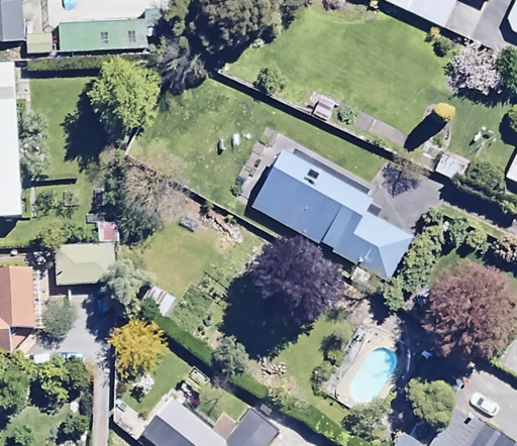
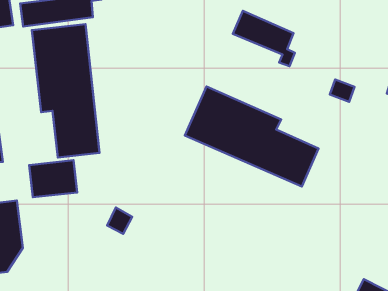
building: none -> [32,24,99,157]
building: none -> [233,11,295,66]

